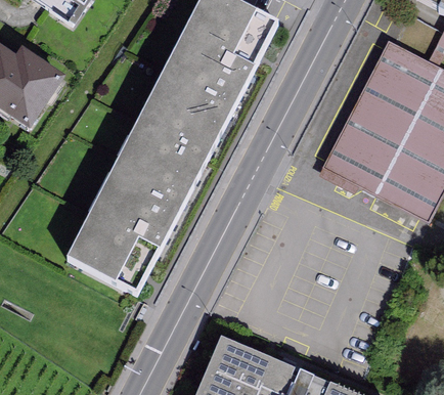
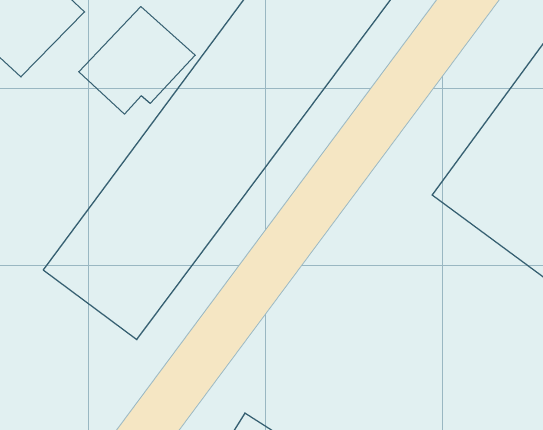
building: none -> [79,7,195,114]

